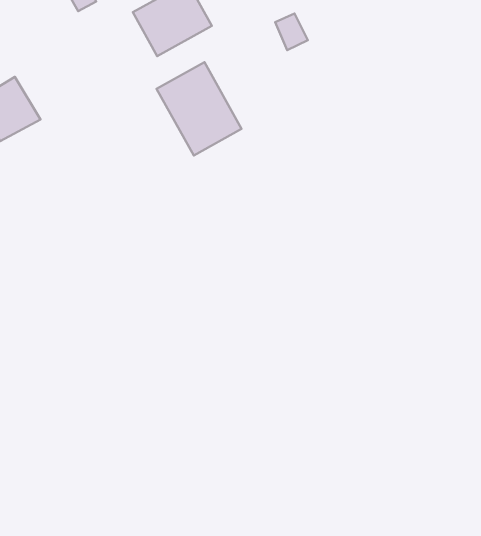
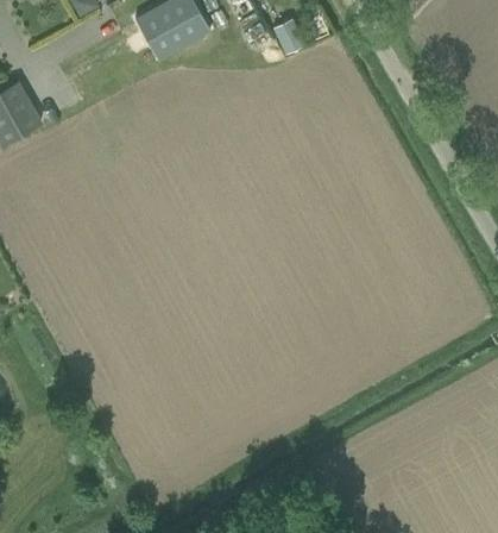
building: [157,62,241,156] -> none

